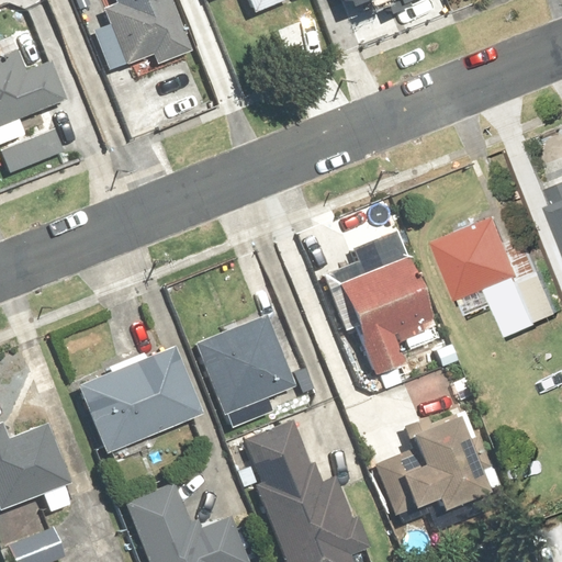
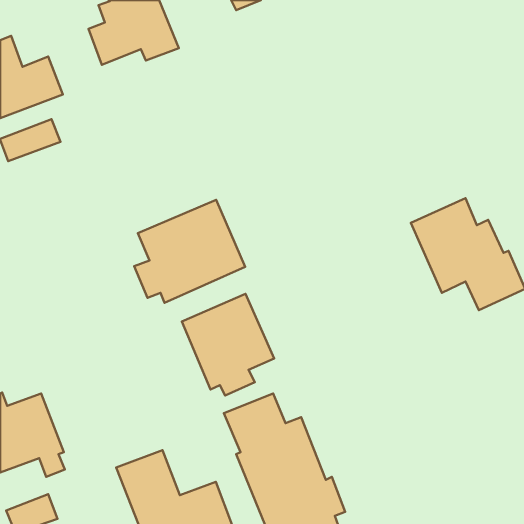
building: none -> [134,200,245,303]
building: [337,252,442,375] -> none
building: [77,340,206,451] -> none
building: [373,412,490,508] -> none

